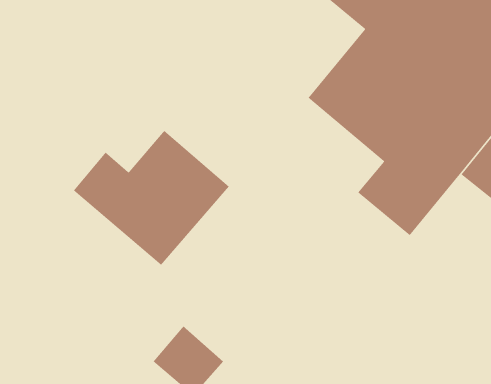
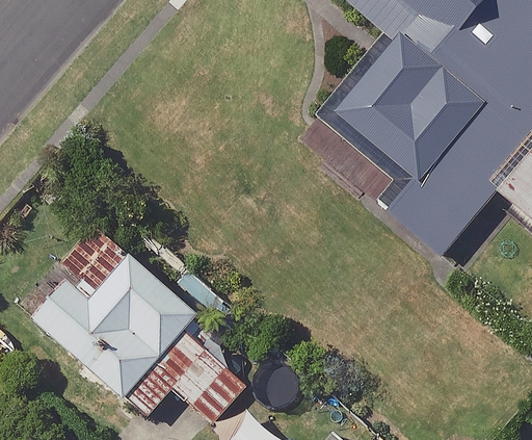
building: [73,130,230,266] -> [31,254,195,396]

